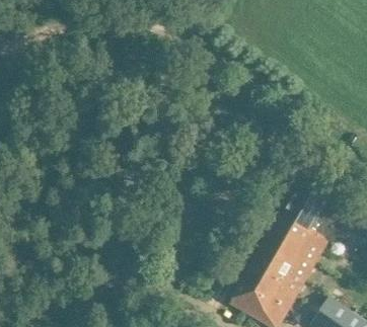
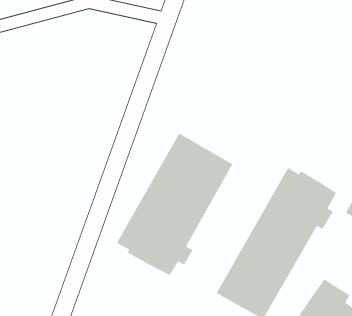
building: none -> [116,133,233,276]

